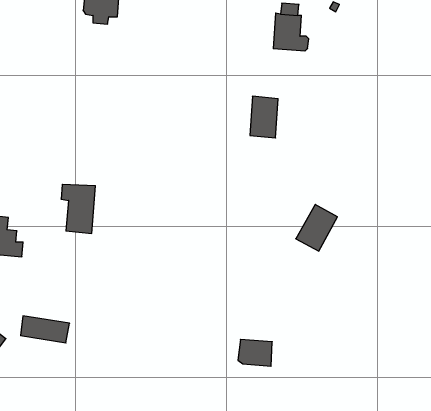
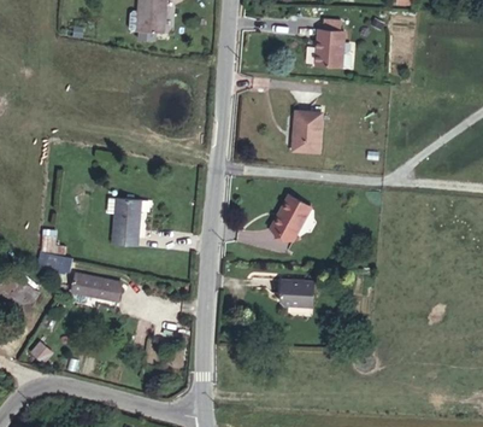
building: [296,204,337,251] -> [270,194,311,240]
building: [21,316,70,343] -> [67,275,116,302]
building: [238,339,272,366] -> [279,280,313,306]

